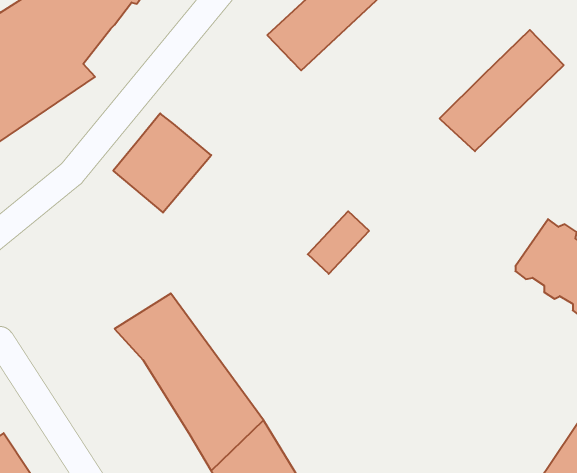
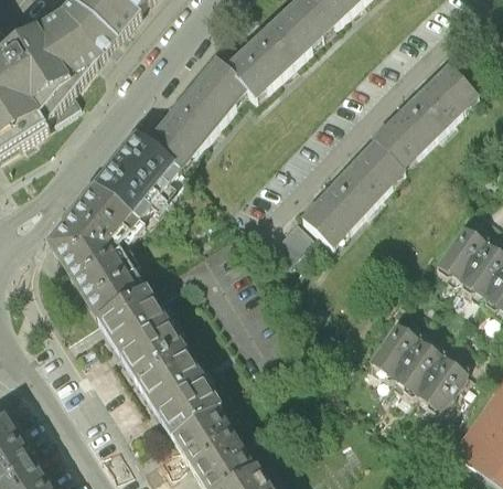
building: none -> [147,62,246,172]
building: none -> [302,142,403,246]
building: none -> [50,185,145,319]
building: none -> [370,323,468,414]

